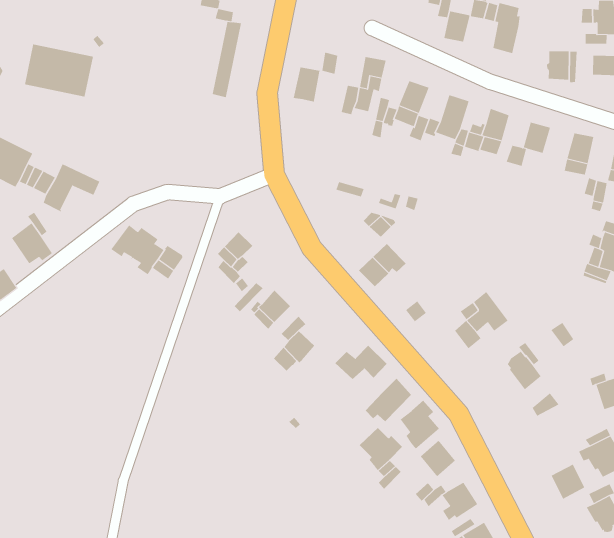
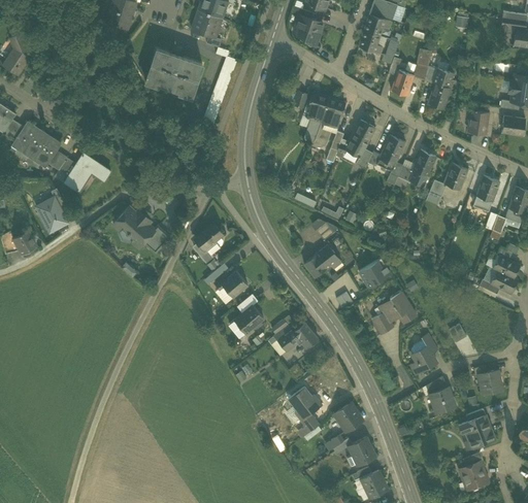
building: [24,44,94,97] -> [145,49,202,96]
building: [293,67,322,102] -> [304,93,329,122]
building: none -> [358,259,390,288]
building: [365,378,412,422] -> none
building: [400,400,440,450] -> none
building: [551,464,585,499] -> [429,387,455,413]

